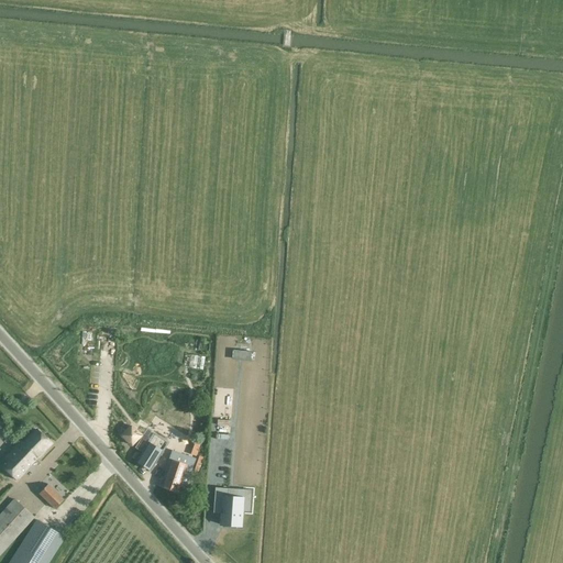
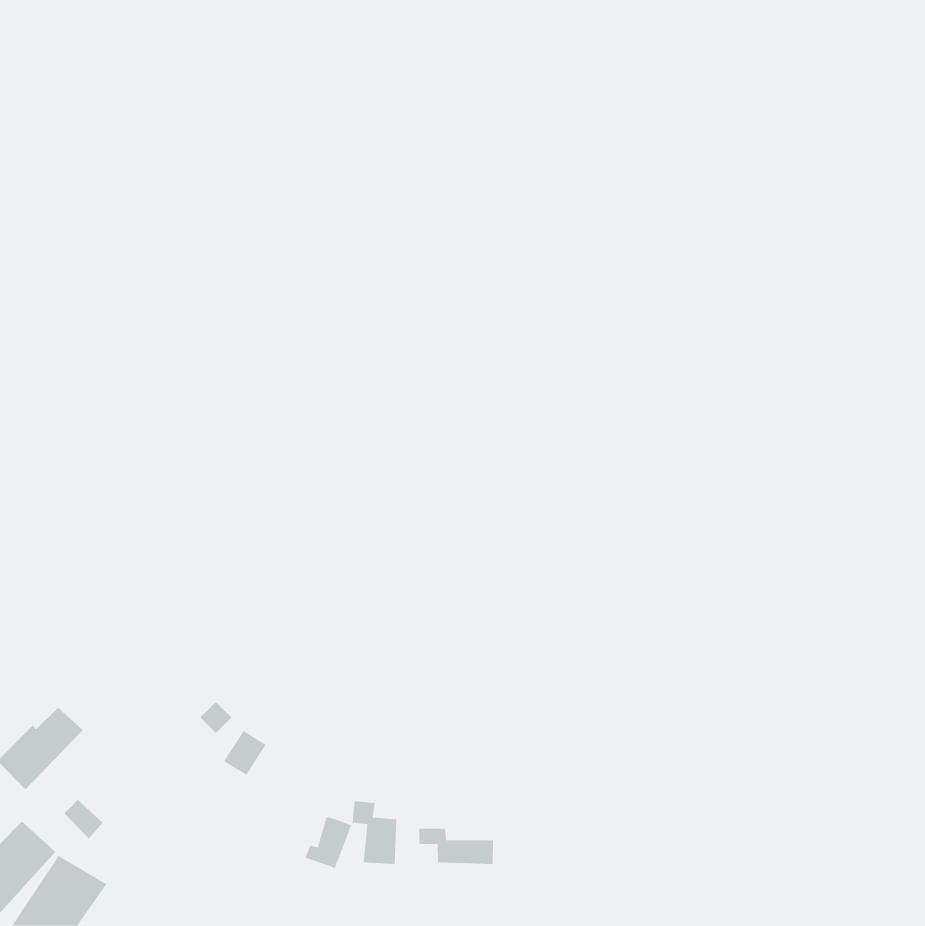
building: [157,460,186,492] -> [305,816,352,869]
building: none -> [419,828,494,865]

